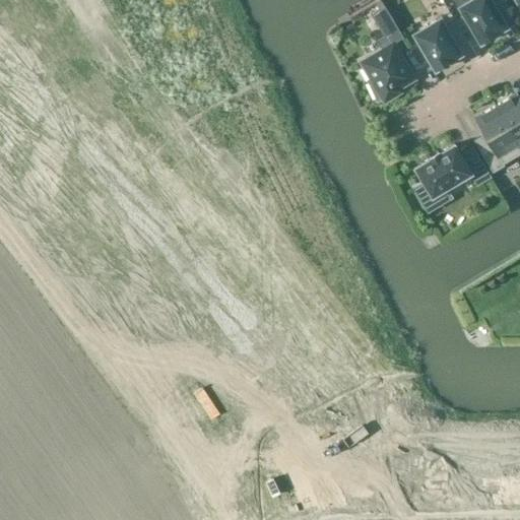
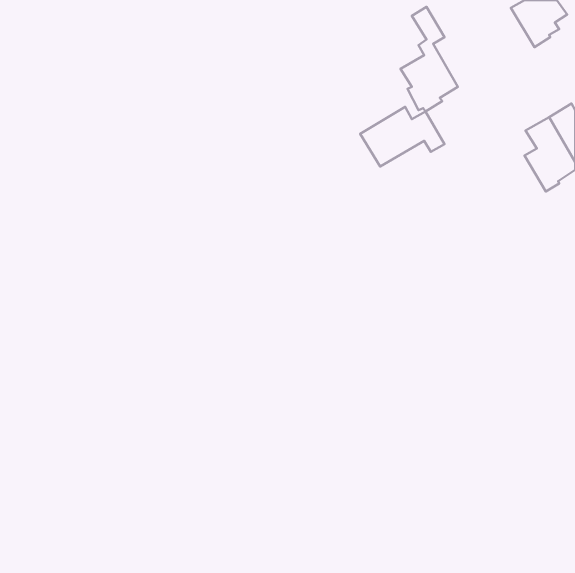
building: [415,20,466,71] -> none
building: [413,145,490,199] -> [360,107,444,167]

